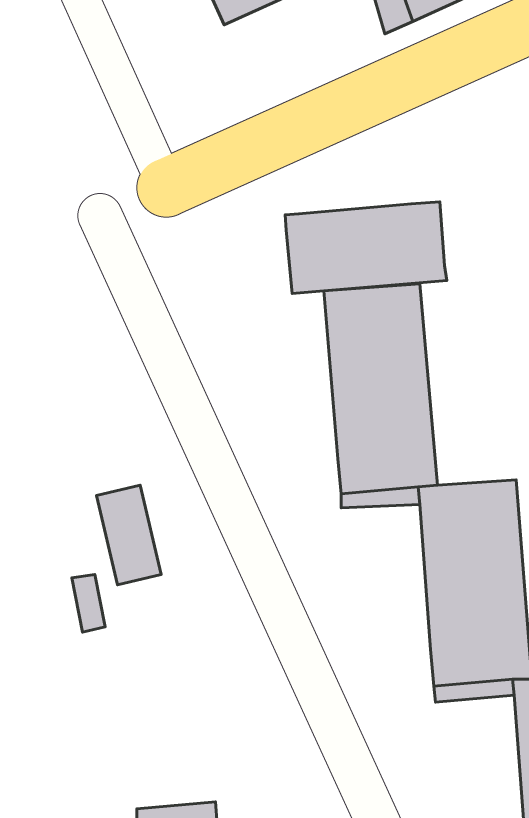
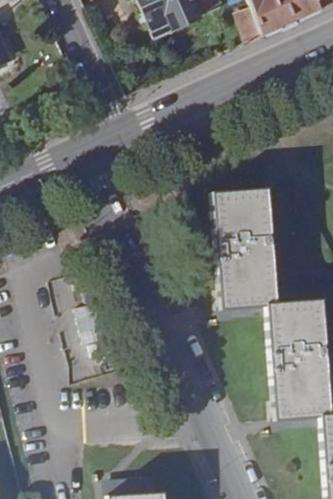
building: [285,202,447,294] -> none

